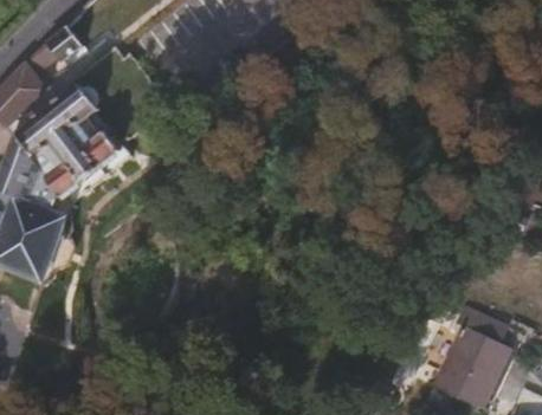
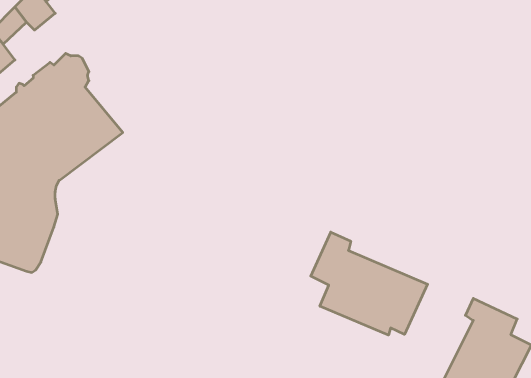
building: none -> [311,232,428,335]

